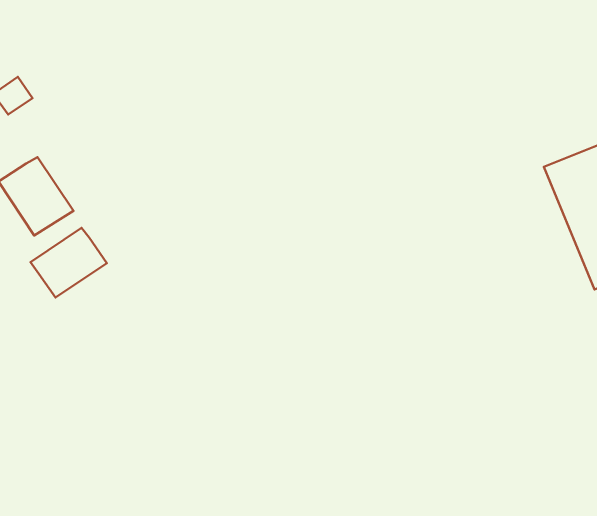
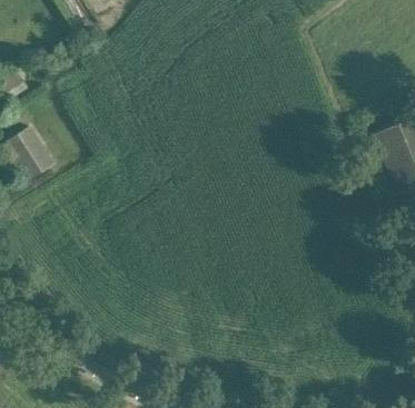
building: [30,228,107,298] -> none

